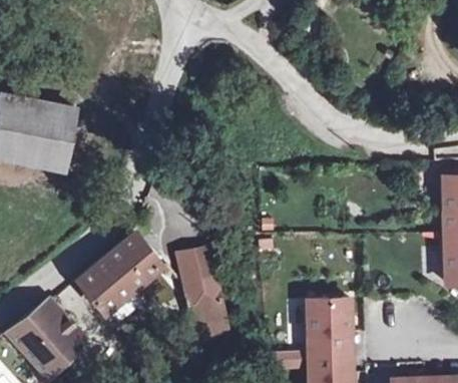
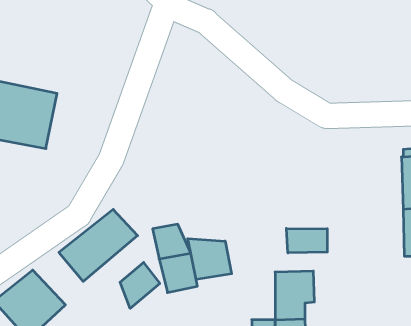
building: none -> [286,228,327,253]
building: none -> [188,239,232,279]
building: none -> [120,262,160,308]

